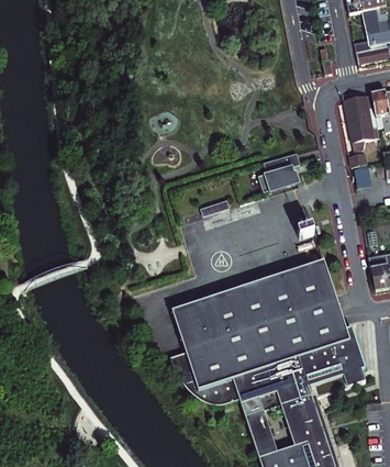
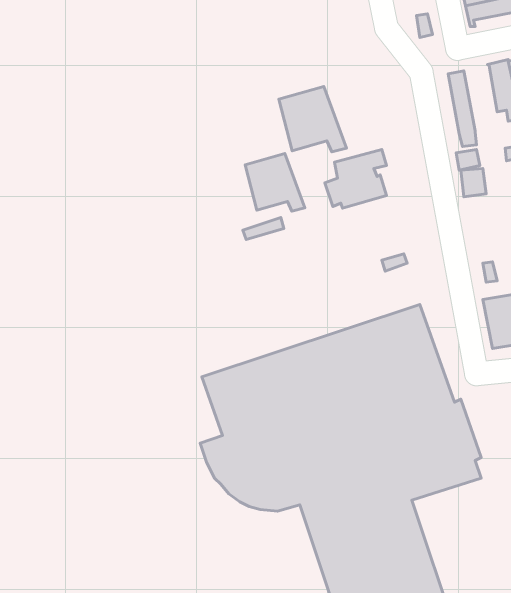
building: [355,94,380,140] -> none
building: none -> [279,86,346,152]
building: none -> [245,154,305,211]

